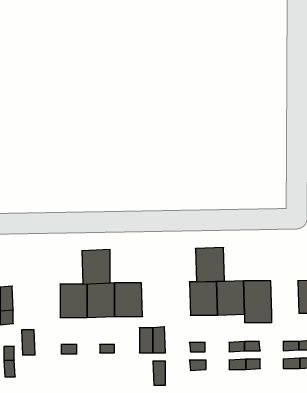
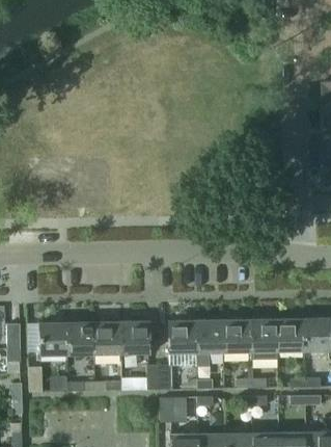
building: [195,248,225,282] -> [168,320,197,354]
building: [82,250,110,284] -> [39,322,67,357]
building: none -> [277,319,305,352]

